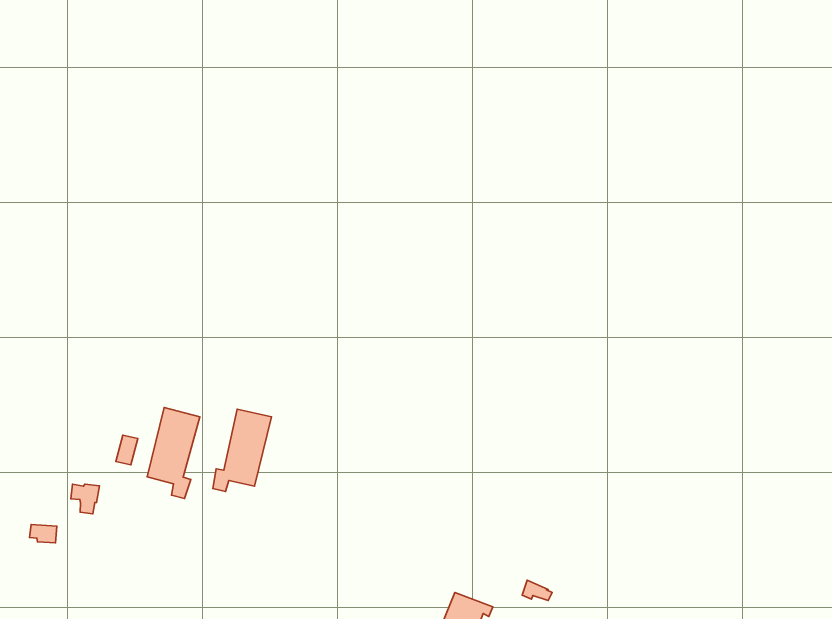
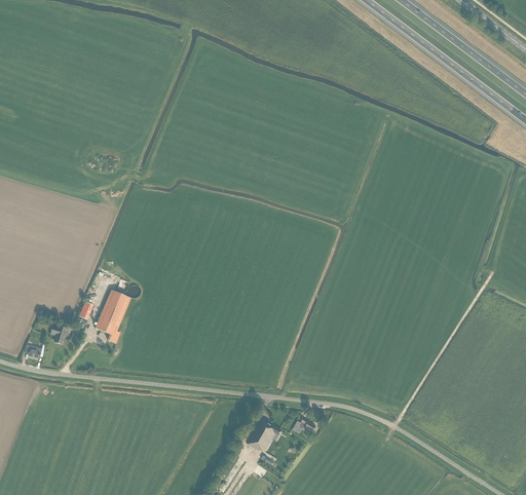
building: [213,409,271,491] -> none

